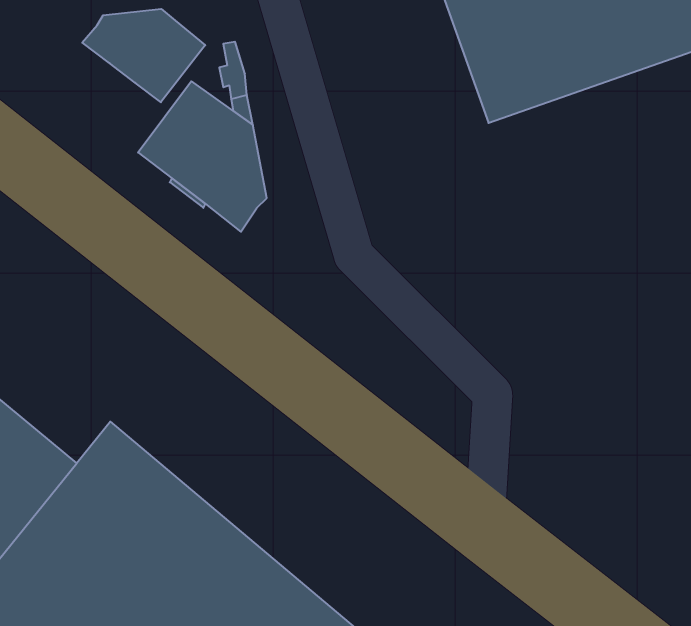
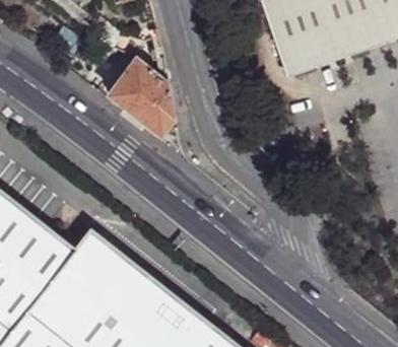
building: [82,9,205,102] -> none

